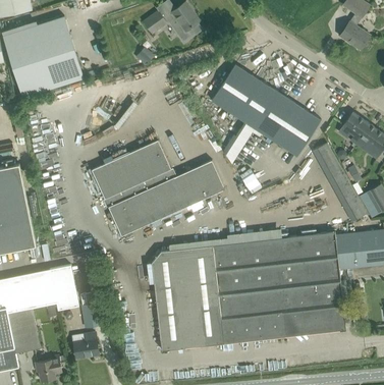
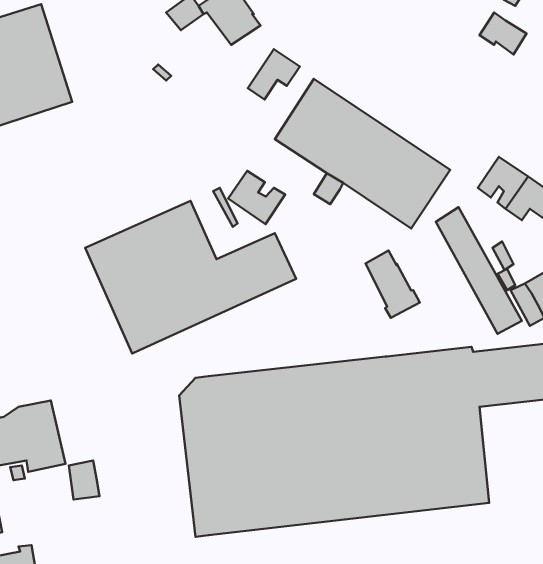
building: none -> [248,49,300,100]
building: none -> [228,171,285,224]
building: none -> [365,251,420,318]
building: [72,331,99,358] -> none

